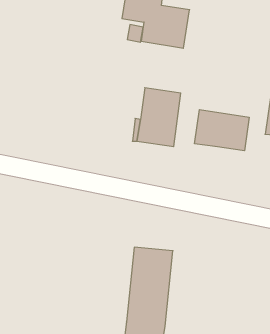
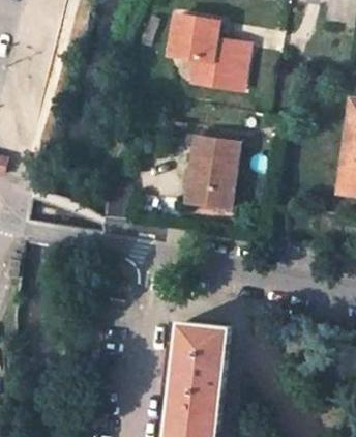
building: [195,110,249,151] -> none

